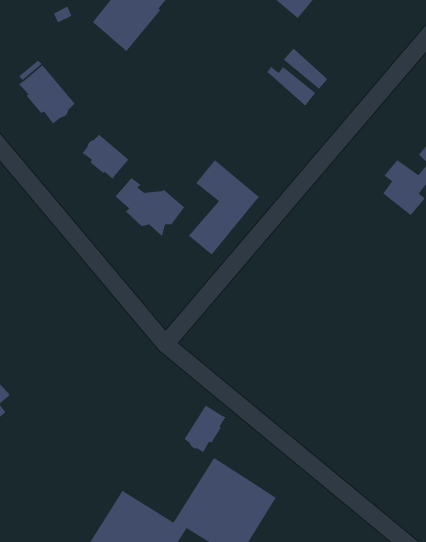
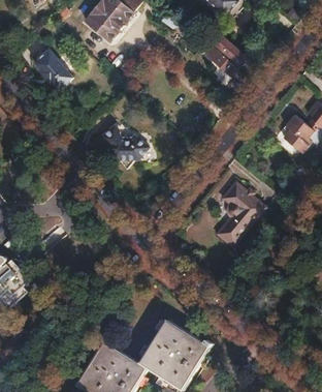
building: [81,134,129,180] -> none
building: [188,159,260,255] -> [215,182,264,248]
building: [184,404,227,453] -> none

